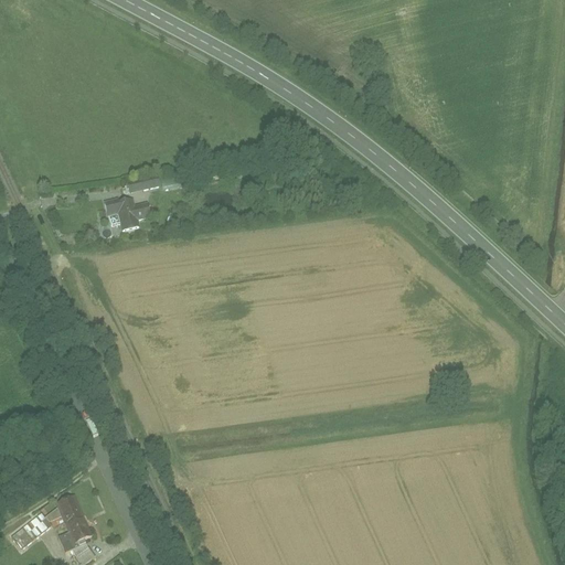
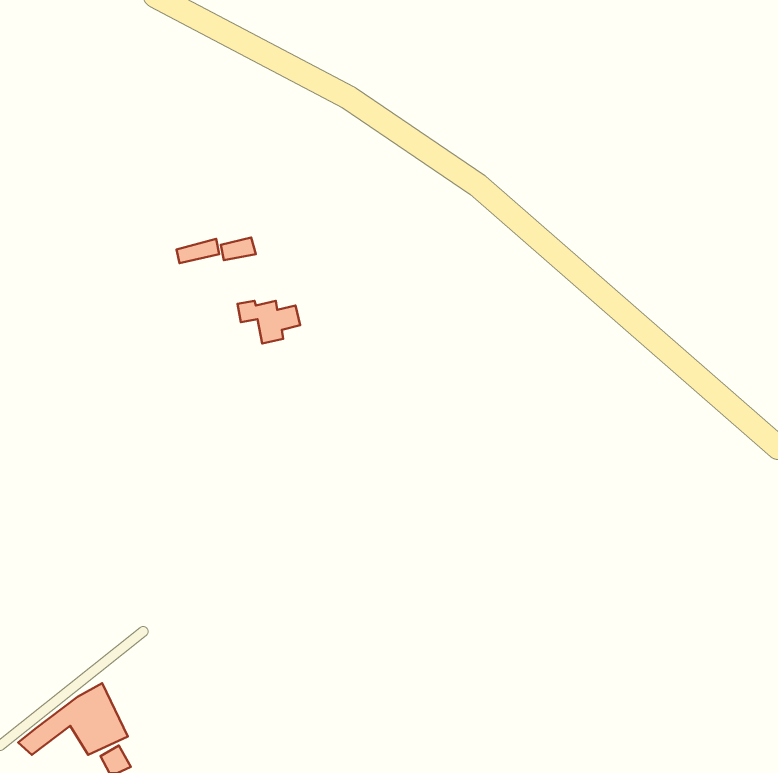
building: [105,198,150,228] -> [238,301,300,343]

